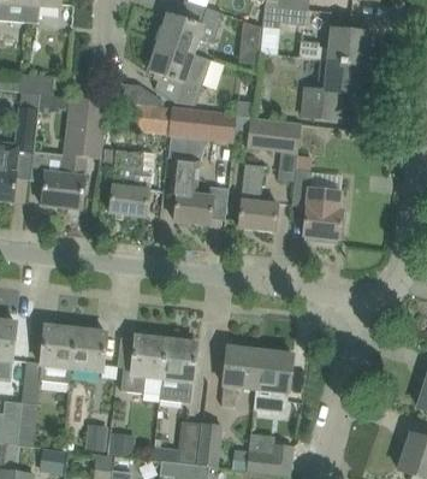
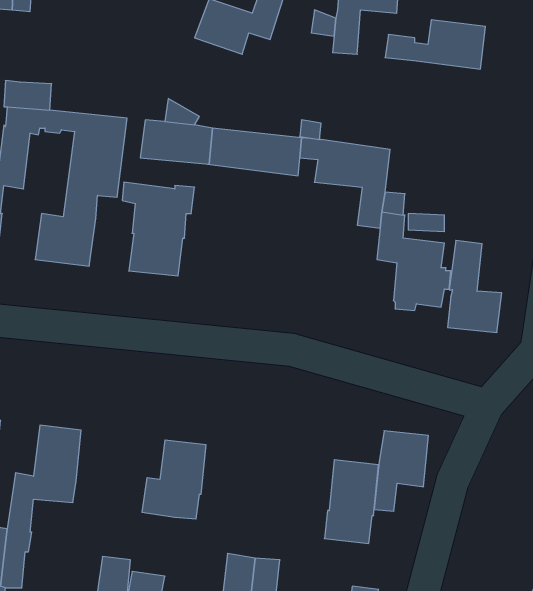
building: [148,41,210,104] -> none
building: [300,58,367,119] -> none
building: [170,154,214,223] -> none
building: [238,162,278,230] -> [448,240,502,332]
building: [71,329,106,369] -> none
building: [159,339,197,402] -> none
building: [220,347,260,406] -> [374,431,428,511]

